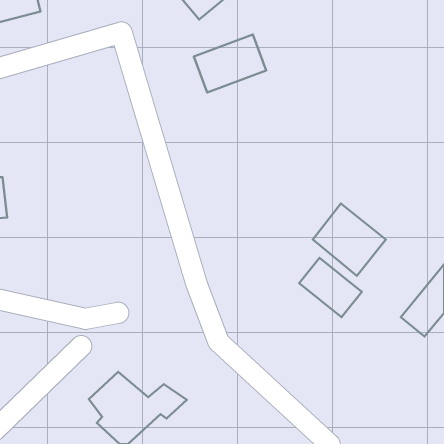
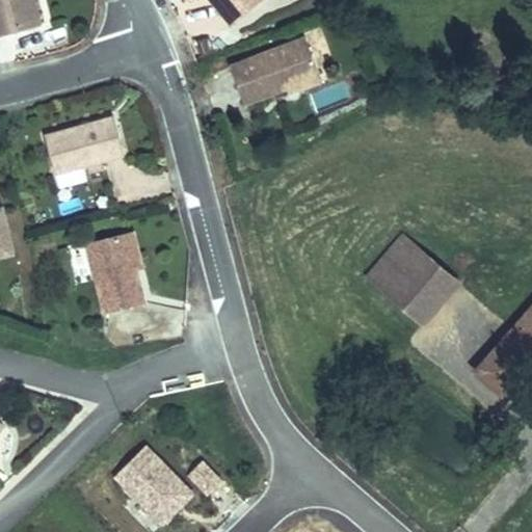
building: none -> [46,111,125,168]
building: none -> [88,233,153,314]
building: [299,258,362,317] -> none

